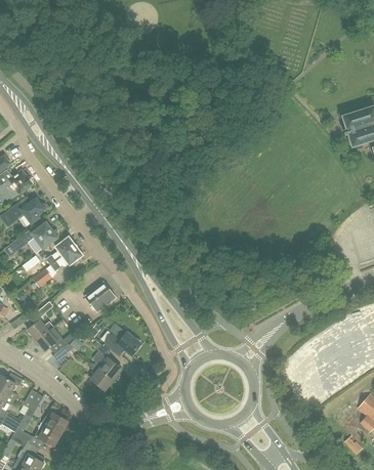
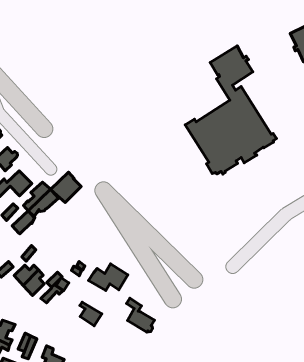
building: none -> [185,46,276,174]
building: [84,281,116,311] -> [51,172,81,203]
building: [94,342,122,379] -> [126,298,154,332]

